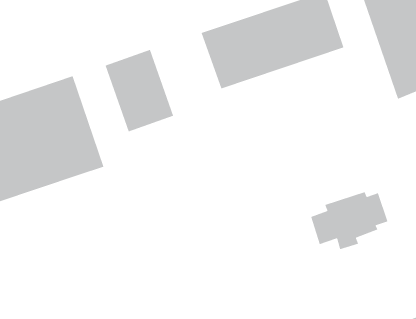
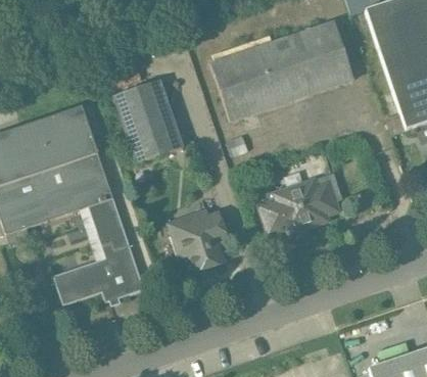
building: none -> [53,197,144,304]
building: none -> [168,209,227,270]
building: [310,191,389,250] -> [258,179,337,238]

